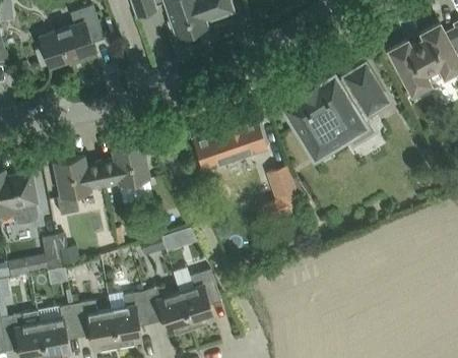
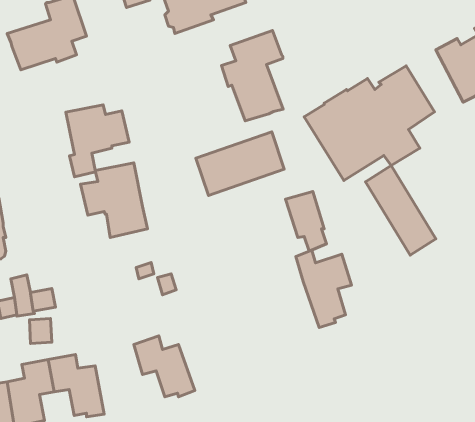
building: none -> [222,30,283,121]
building: none -> [365,165,436,255]
building: [53,156,105,215] -> [66,105,129,177]
building: [173,266,218,330] -> [296,250,352,327]
building: [111,292,149,349] -> none

